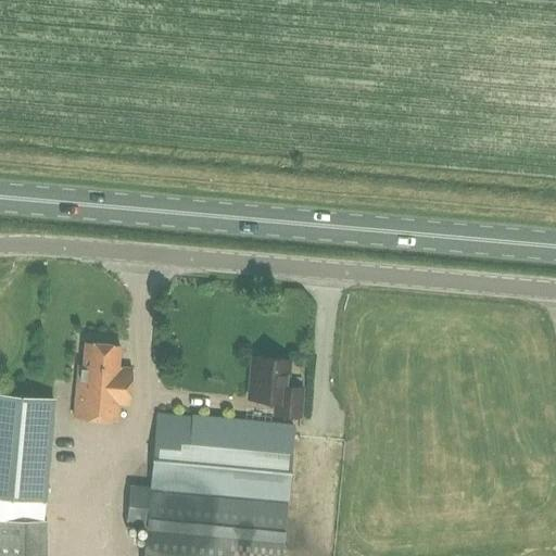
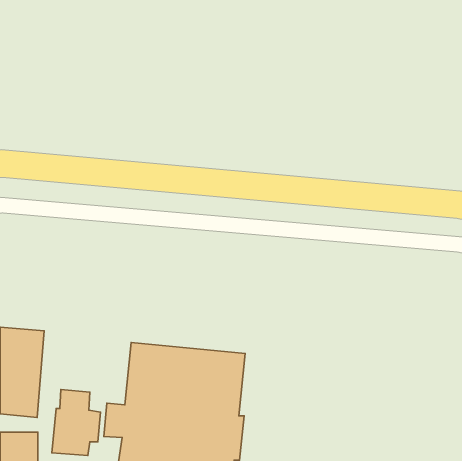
building: [74,342,132,421] -> [52,389,101,455]
building: [249,356,302,415] -> none

